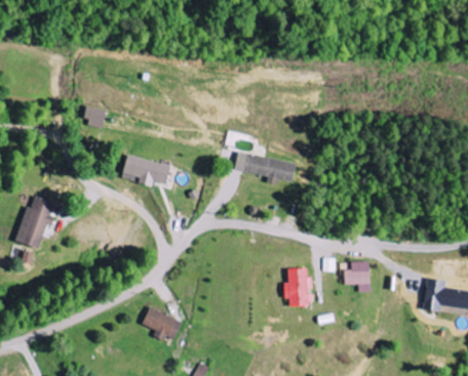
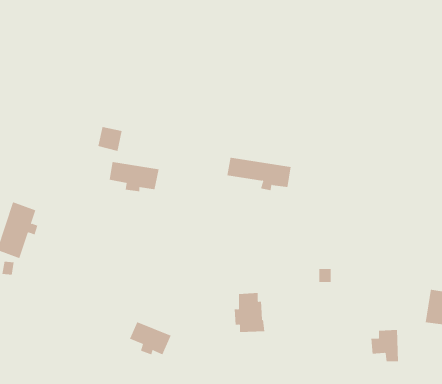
building: [84,106,108,129] -> [98,127,122,151]
building: [345,261,372,292] -> [371,329,399,362]
building: [284,268,314,306] -> [234,293,265,333]

